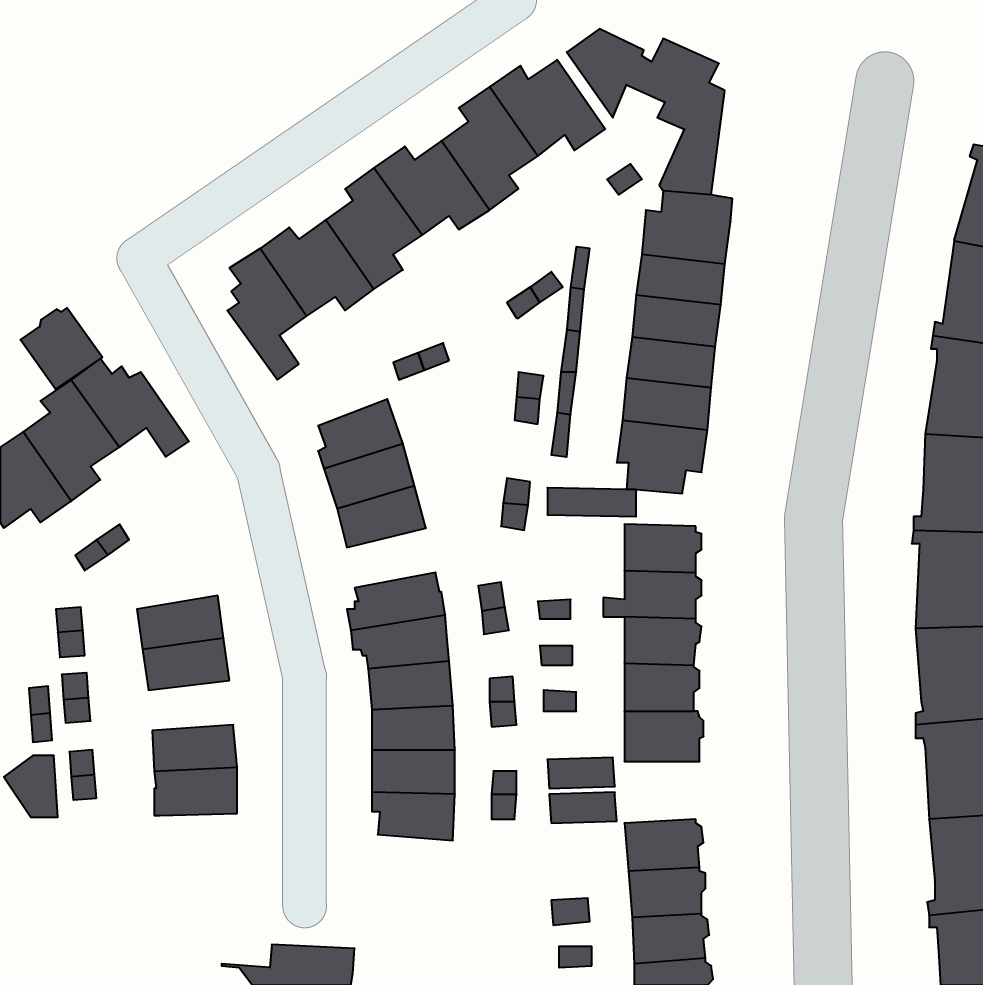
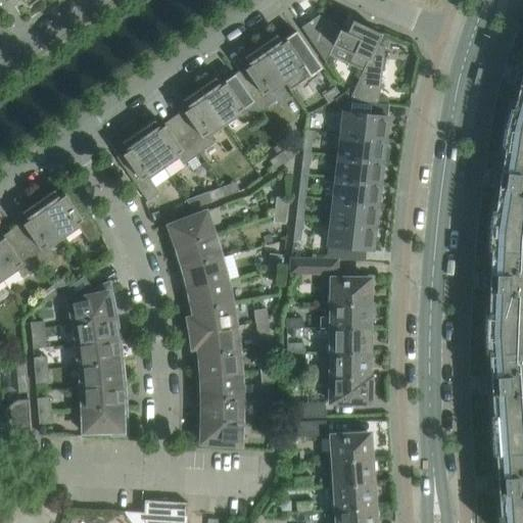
building: [20,308,102,389] -> none
building: none -> [185,280,232,312]
building: none -> [68,281,116,323]
building: none -> [80,361,125,387]

